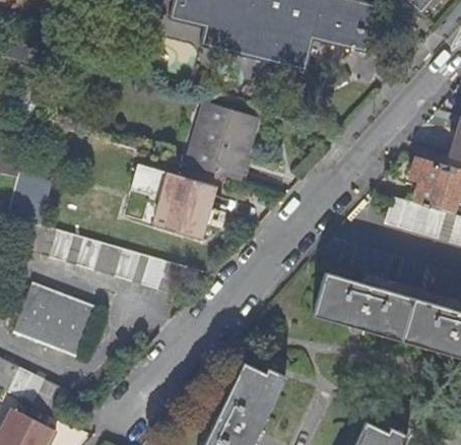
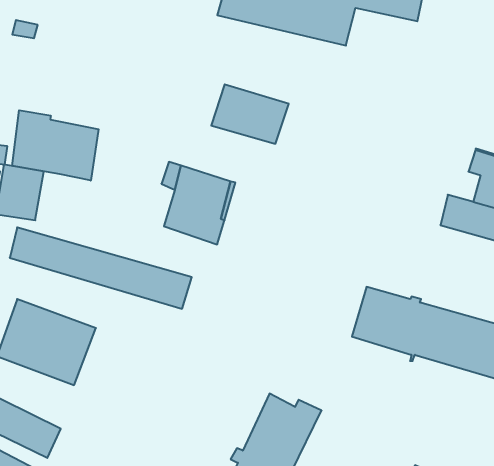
building: none -> [12,110,99,181]
building: [186,138,248,180] -> none

